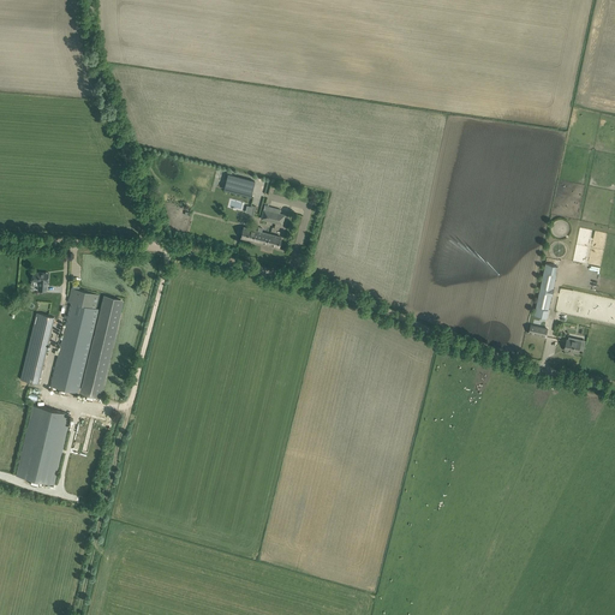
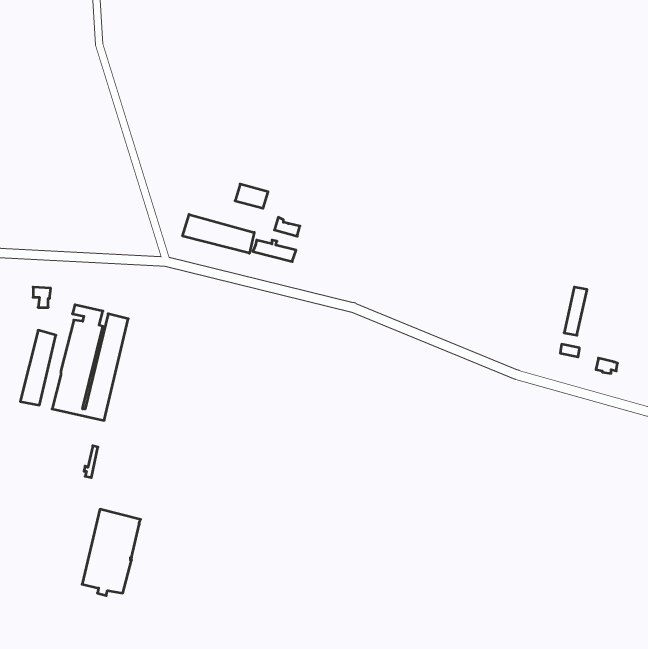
building: none -> [183,214,254,253]
building: [14,405,70,486] -> [82,509,141,596]

